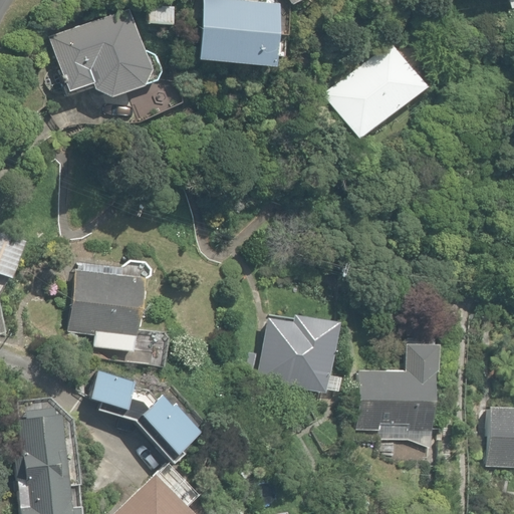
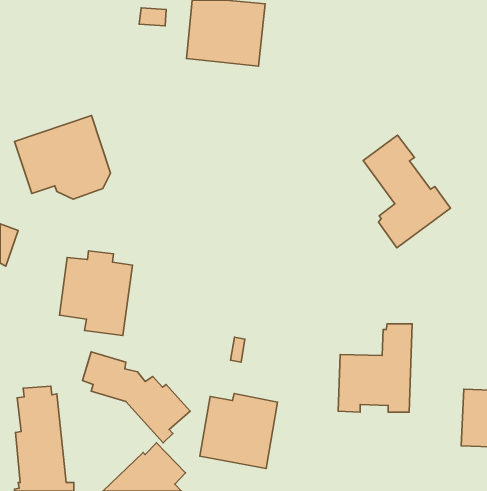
building: [51,10,152,97] -> [15,116,111,199]
building: [324,43,427,140] -> none
building: none -> [363,135,450,248]
building: [258,315,339,394] -> [200,394,278,469]

